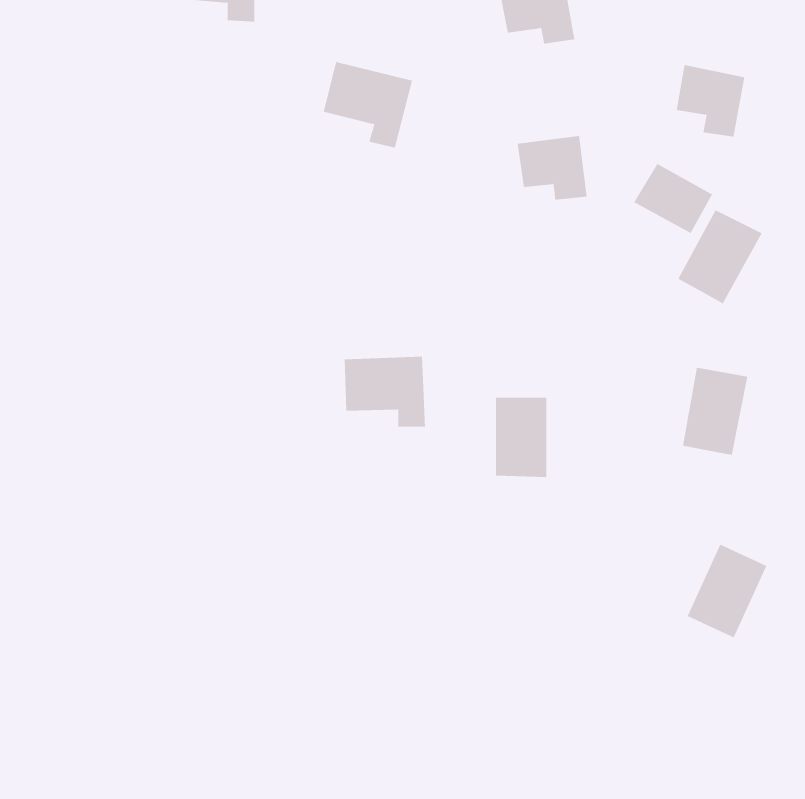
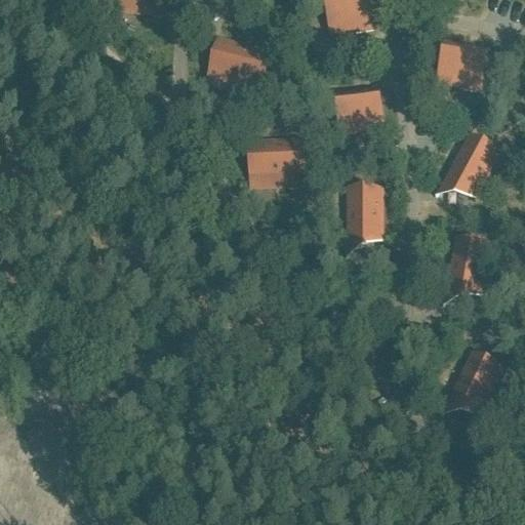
building: [633,163,713,234] -> none
building: [344,356,426,427] -> [250,139,304,186]
building: [495,397,547,477] -> [345,190,378,242]

